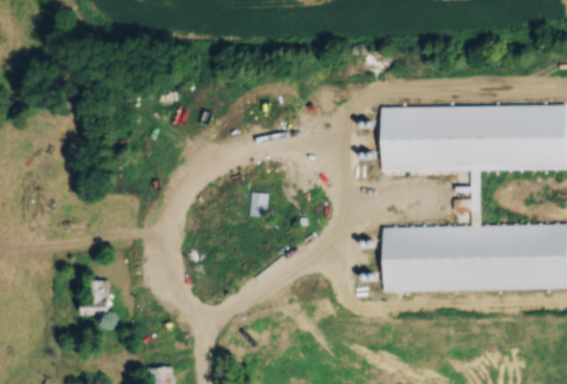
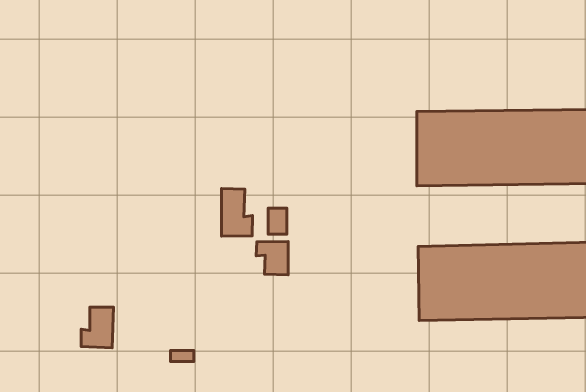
building: none -> [221,188,253,236]
building: none -> [256,242,288,275]

